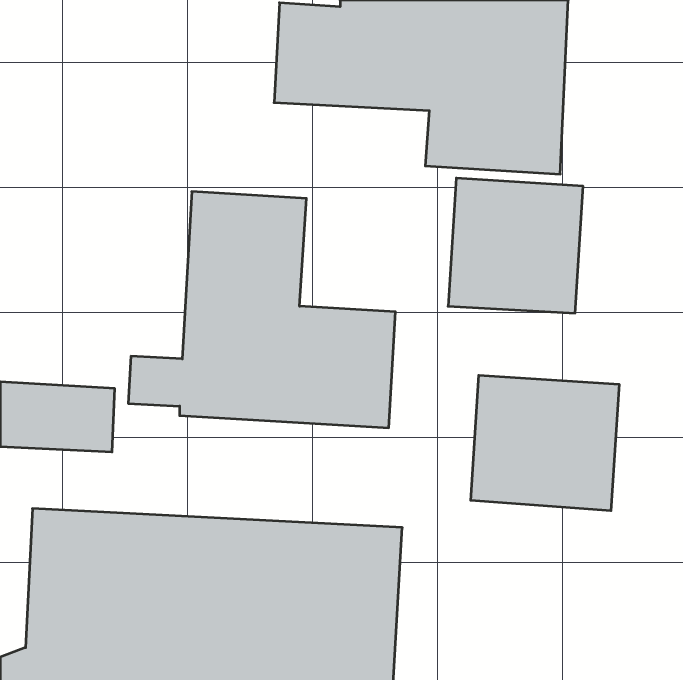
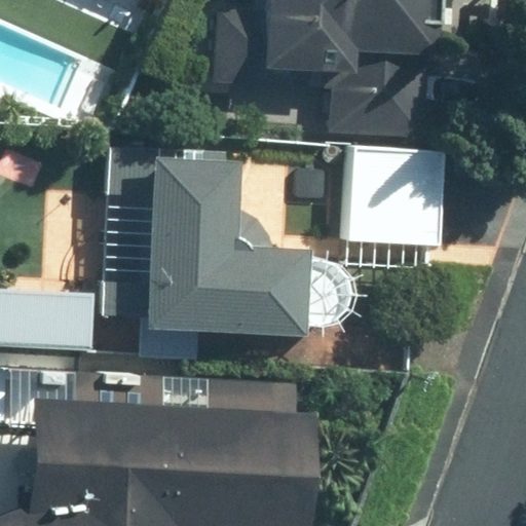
building: [471,375,619,511] -> none

